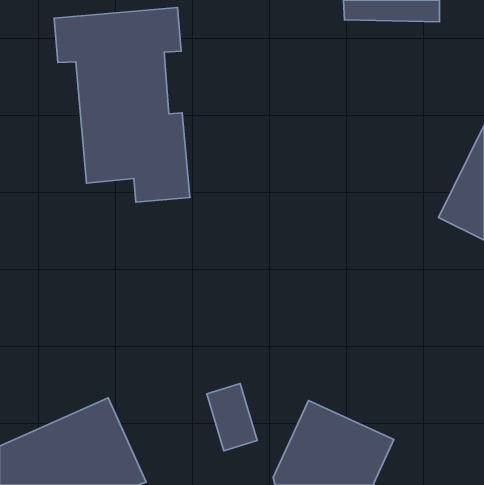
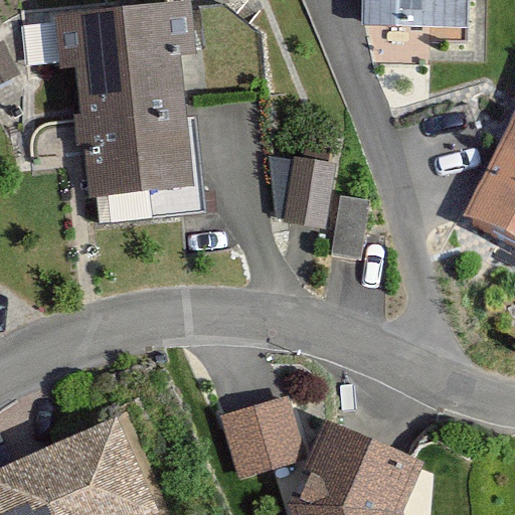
building: none -> [275,154,335,217]

